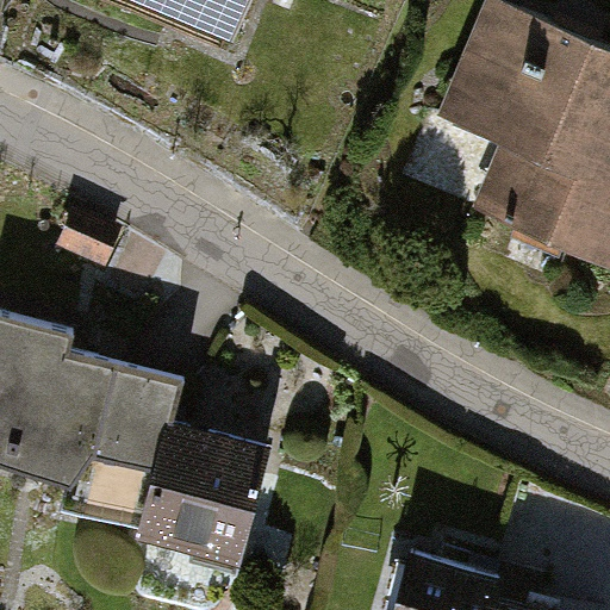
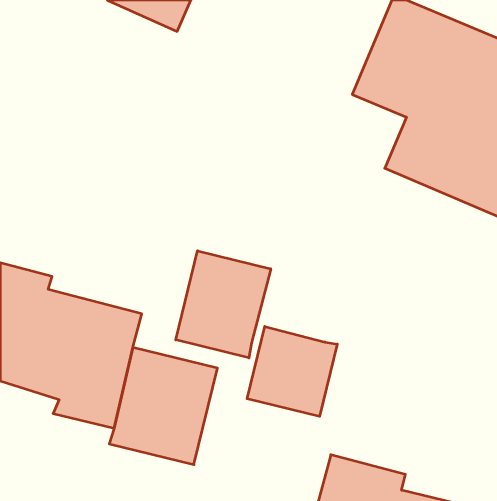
building: none -> [176,251,271,358]
building: none -> [247,326,337,416]

